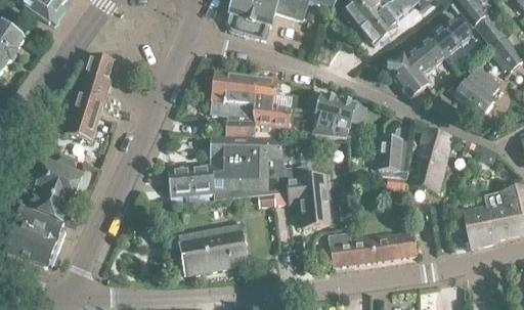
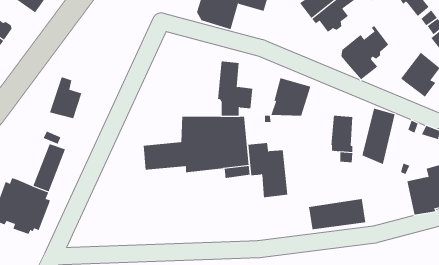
building: [426,16,471,56] -> none
building: [77,52,116,110] -> none
building: [211,71,255,136] -> none
building: [29,160,63,214] -> none
building: [179,224,247,273] -> none
building: [331,227,355,265] -> none

